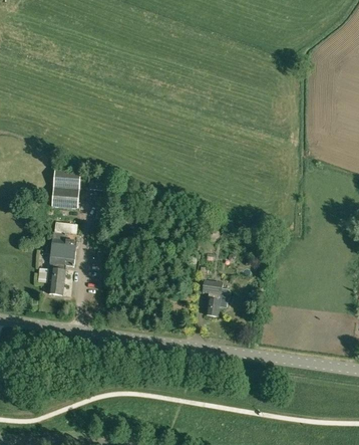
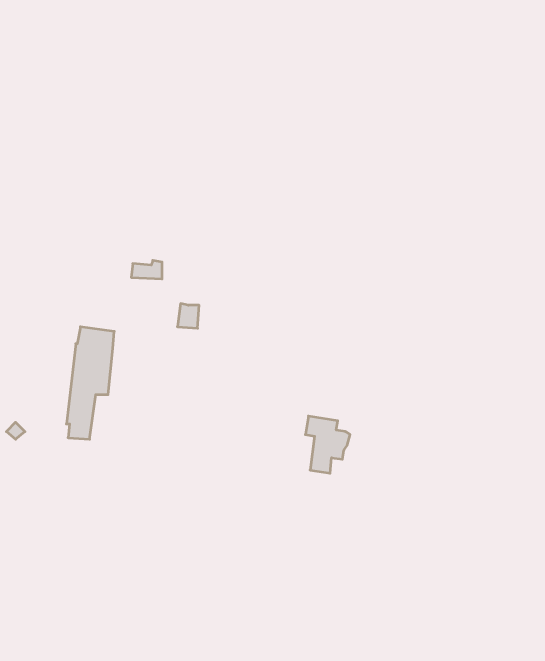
building: [51,169,81,209] -> none

